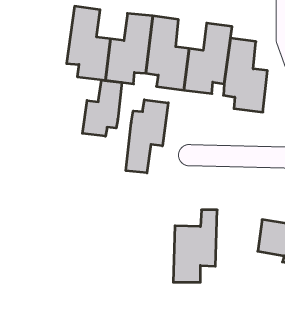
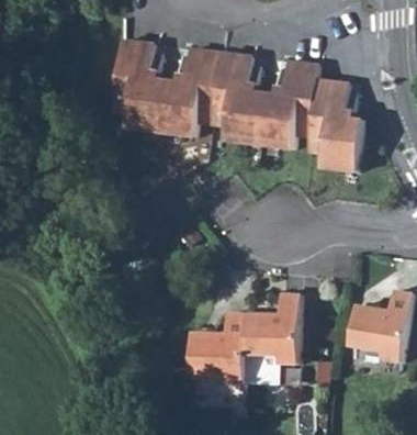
building: [82,80,122,136] -> none
building: [126,100,168,173] -> none
building: none -> [194,313,248,383]

